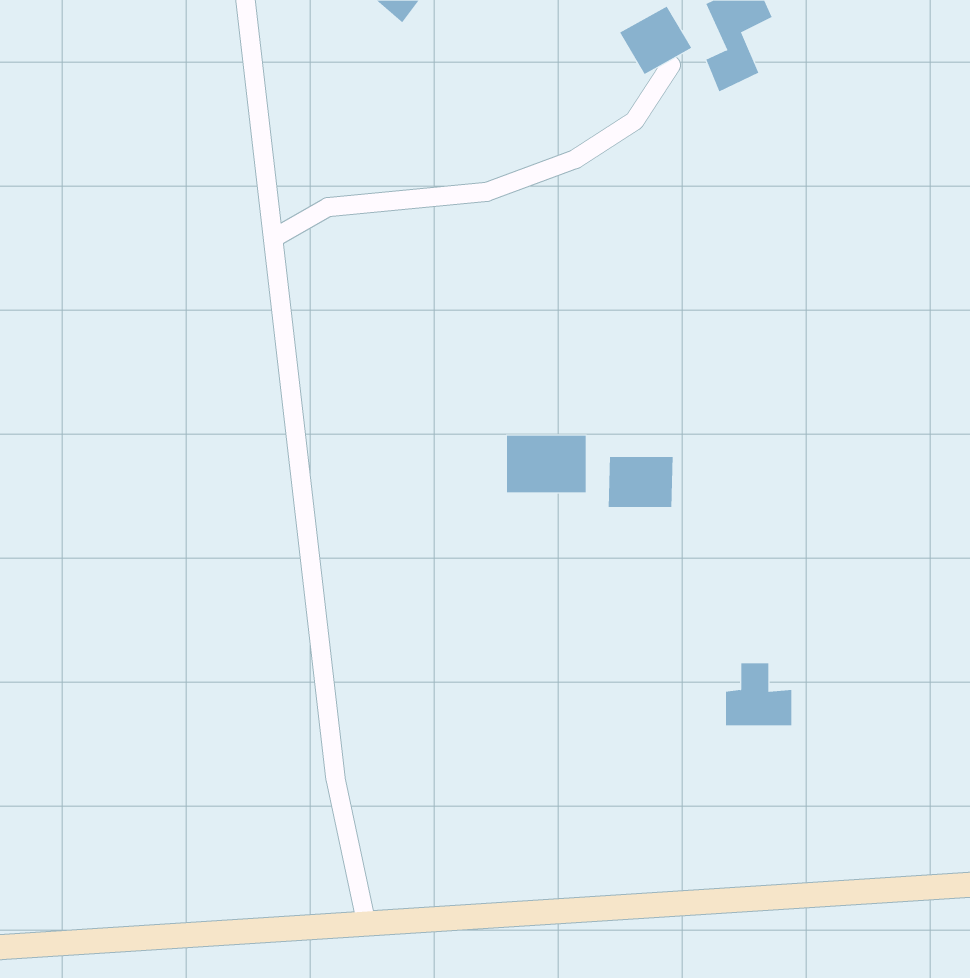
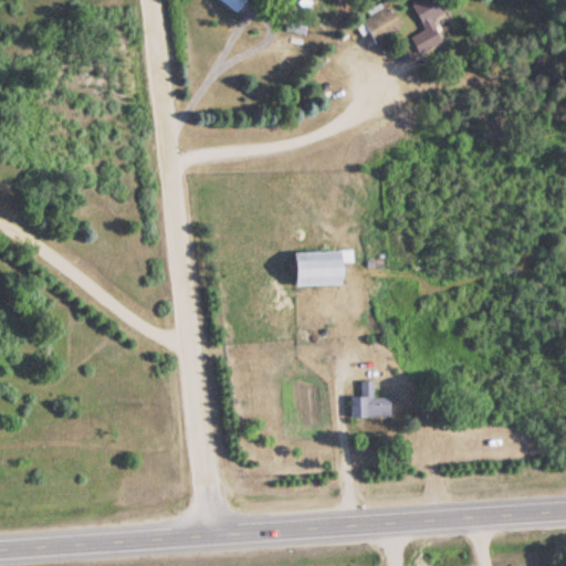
building: [608,456,673,508] -> none
building: [725,663,792,726] -> [353,381,391,418]

